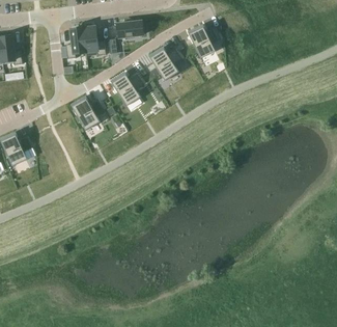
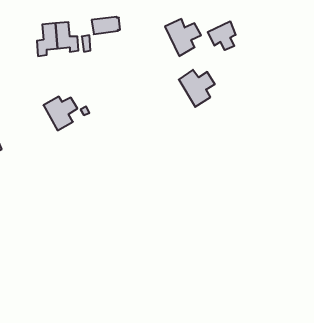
building: none -> [208,21,236,50]
building: [148,46,182,81] -> [179,70,215,107]
building: [110,72,144,106] -> none

